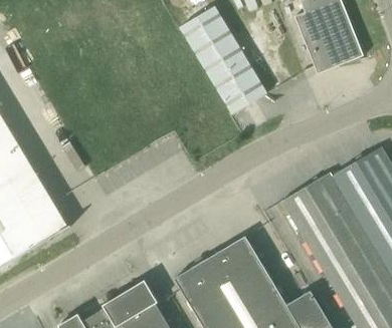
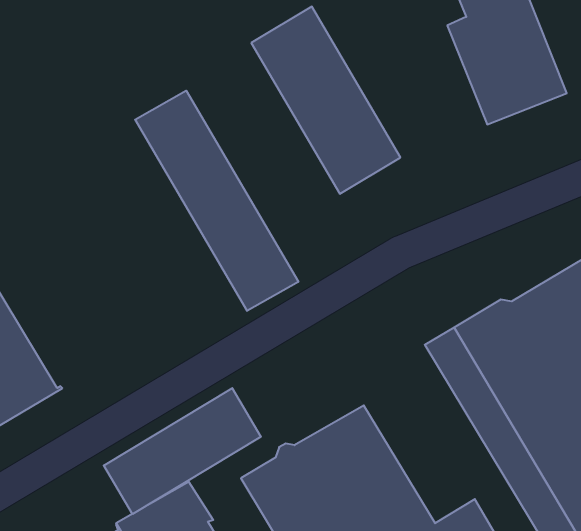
building: none -> [135,91,298,311]
building: none -> [104,388,261,514]

